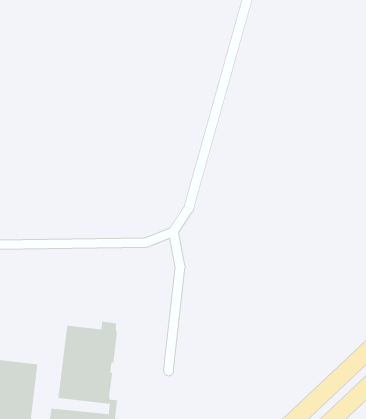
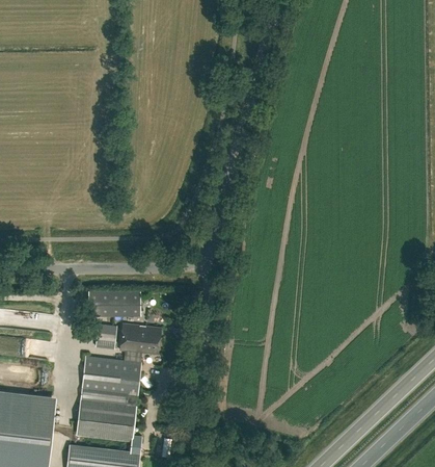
building: none -> [88,290,140,315]
building: none -> [96,323,161,355]

